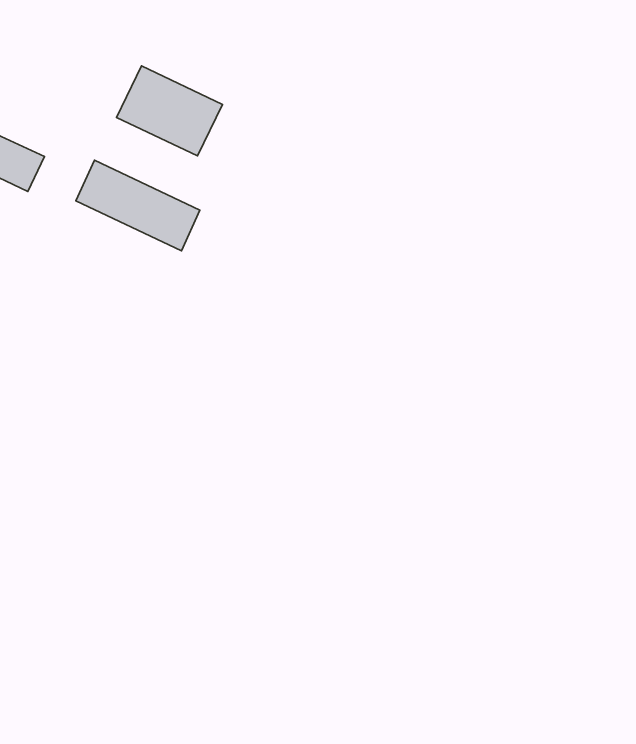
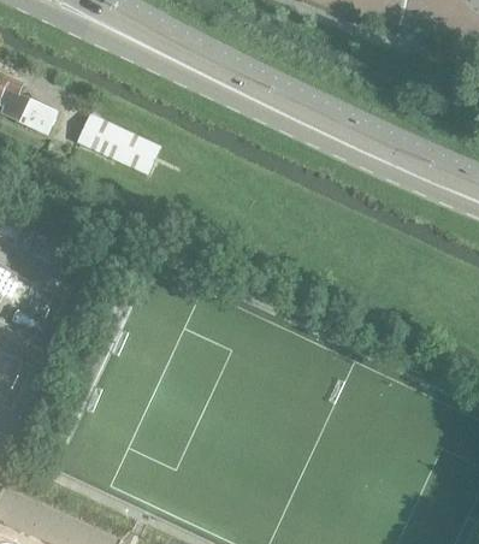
building: [116,66,222,156] -> none

